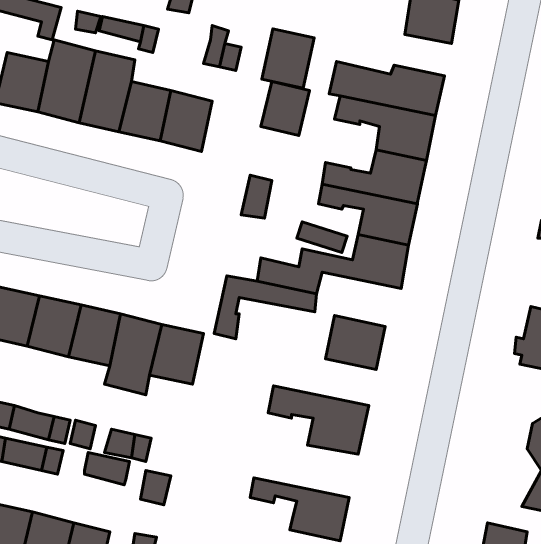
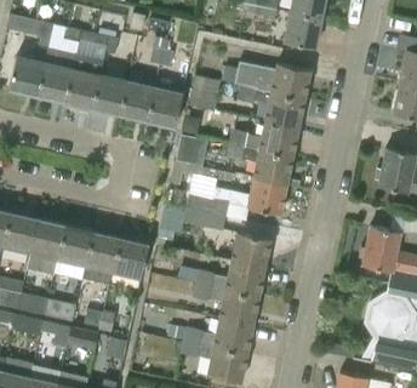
building: [262,29,314,88] -> [148,89,183,129]
building: none -> [178,262,265,293]
building: none -> [170,320,253,355]

